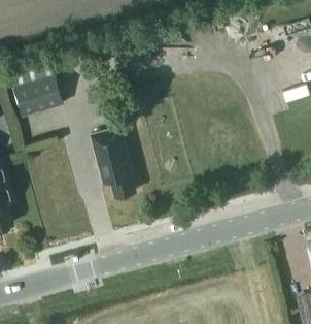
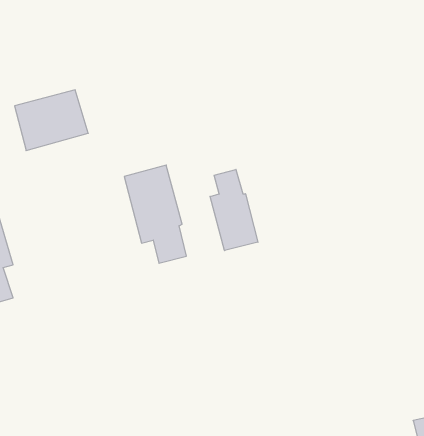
building: none -> [210,169,258,251]

